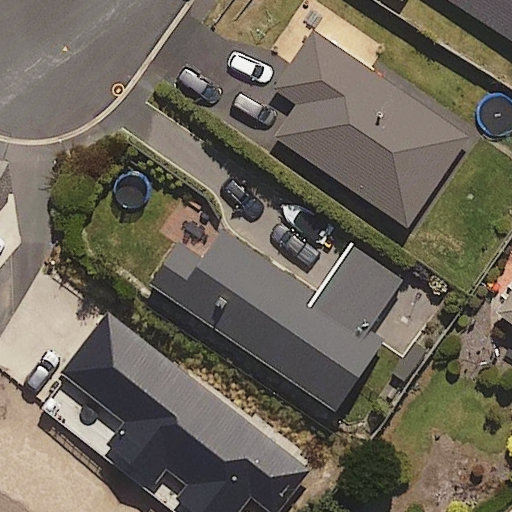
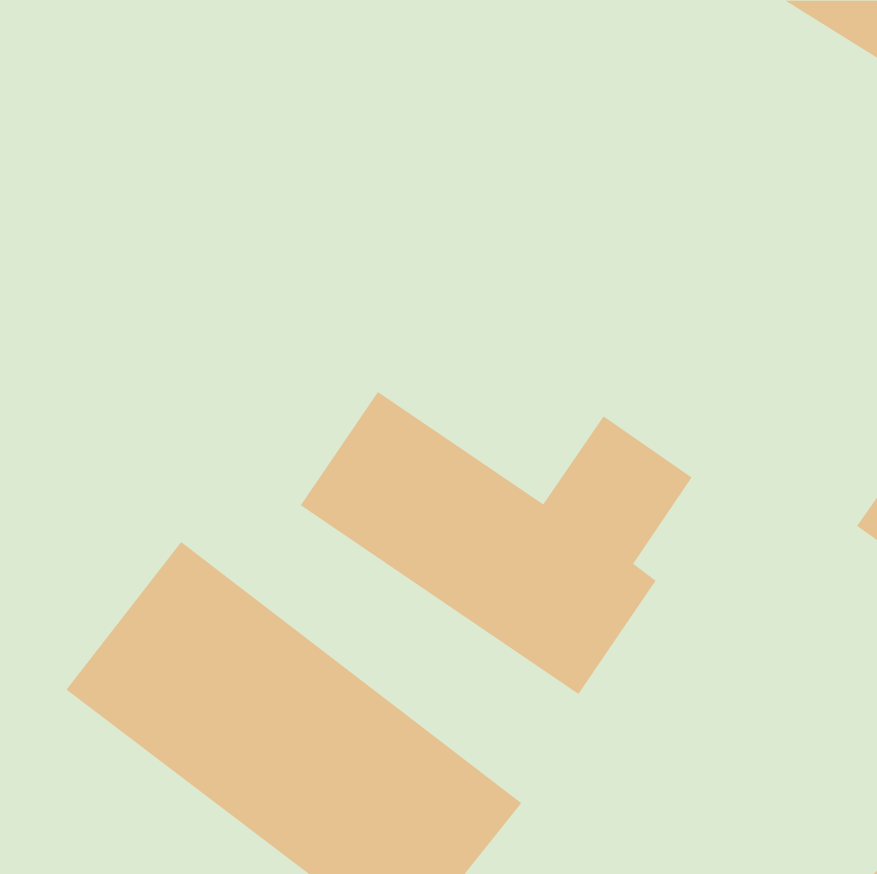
building: [278,32,469,224] -> none

